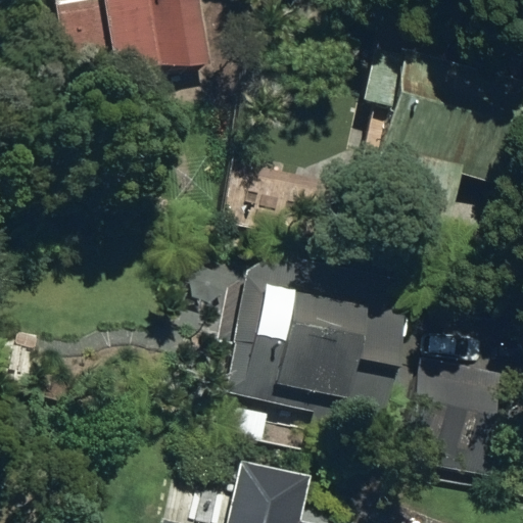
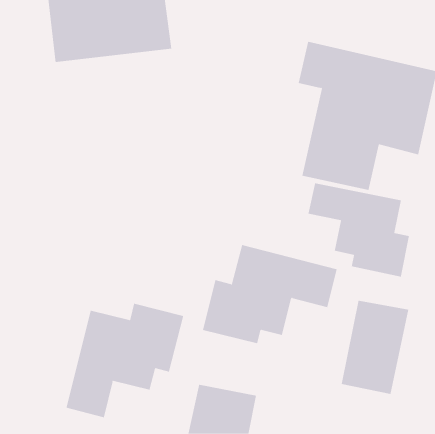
building: none -> [308,182,410,277]
building: none -> [66,303,184,418]

